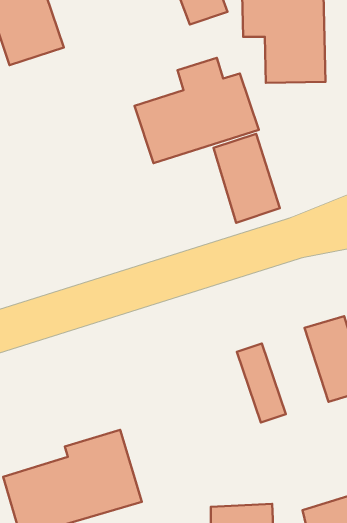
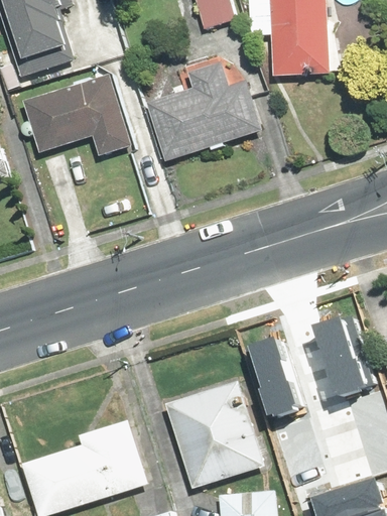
building: none -> [20,72,131,161]
building: [213,134,280,223] -> none
building: none -> [162,379,270,494]

